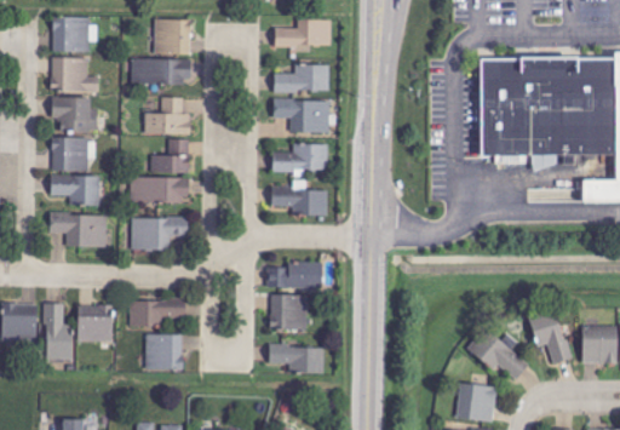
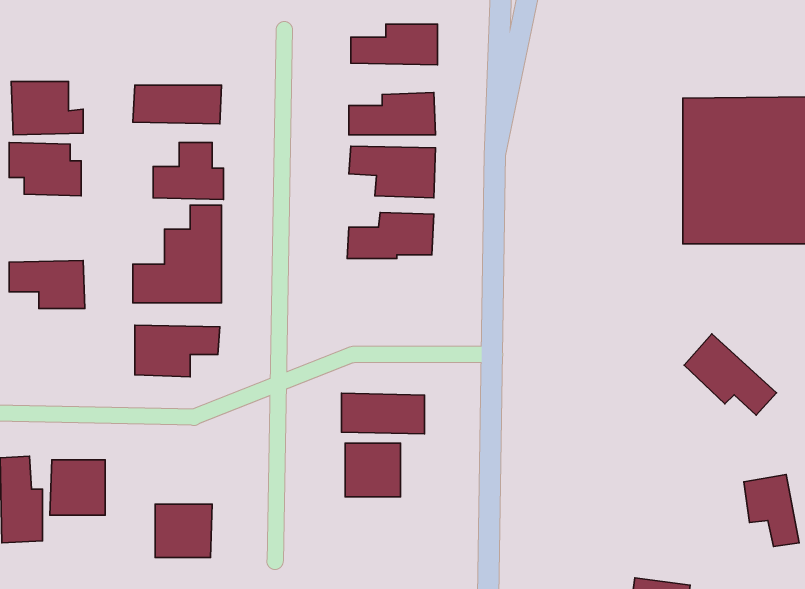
building: [52,16,94,52] -> none
building: [154,18,190,55] -> none
building: [52,138,96,171] -> none
building: [271,180,327,216] -> none
building: [48,213,107,247] -> none
building: [130,299,185,327] -> none
building: [467,327,528,380] -> [684,334,777,415]
building: [268,343,323,374] -> none

